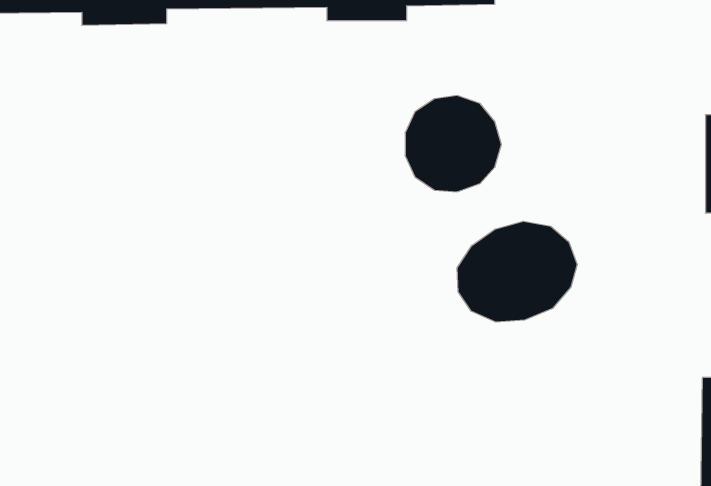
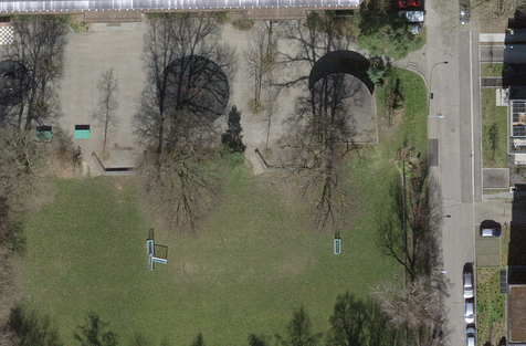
building: [457,221,577,322] -> none

